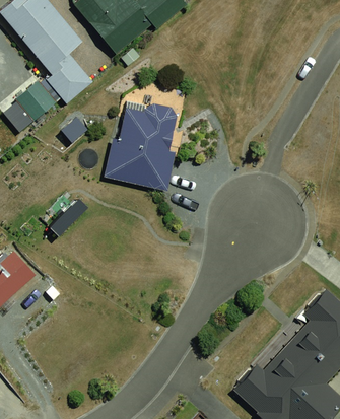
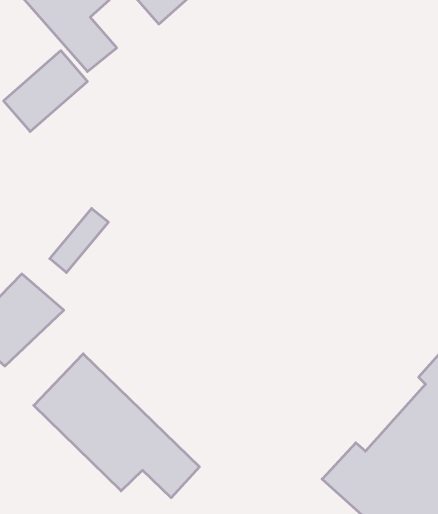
building: [103,94,181,192] -> none
building: none -> [34,354,199,498]

